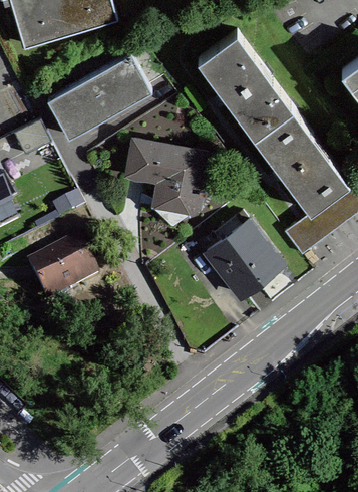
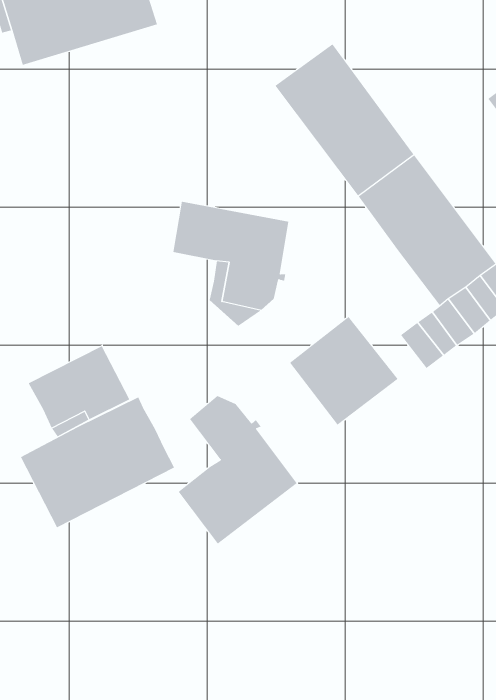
building: [45,54,149,138] -> none
building: none -> [178,395,297,545]
building: none -> [20,396,175,528]

